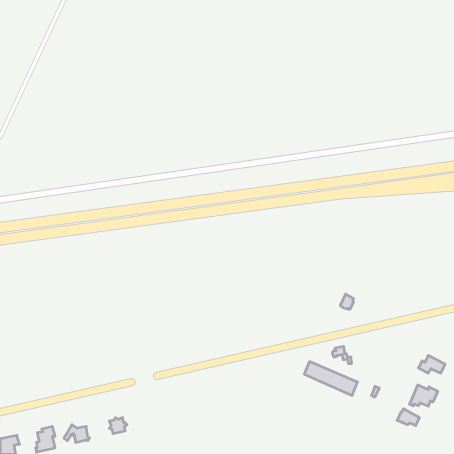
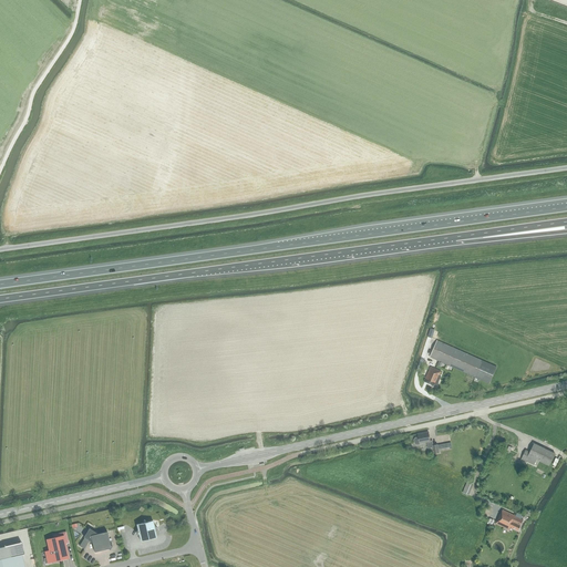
building: [304,362,358,395] -> [430,341,496,383]
building: [409,385,438,406] -> none

